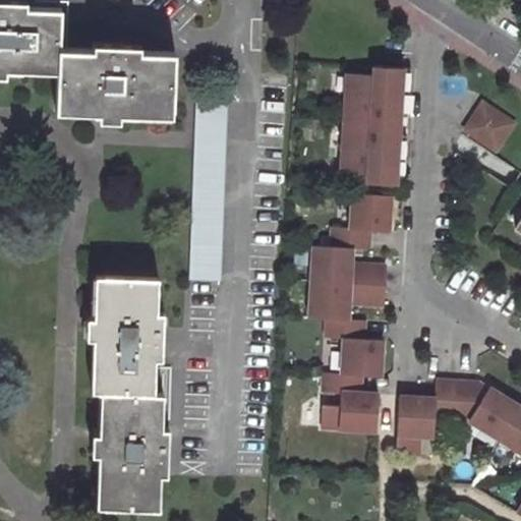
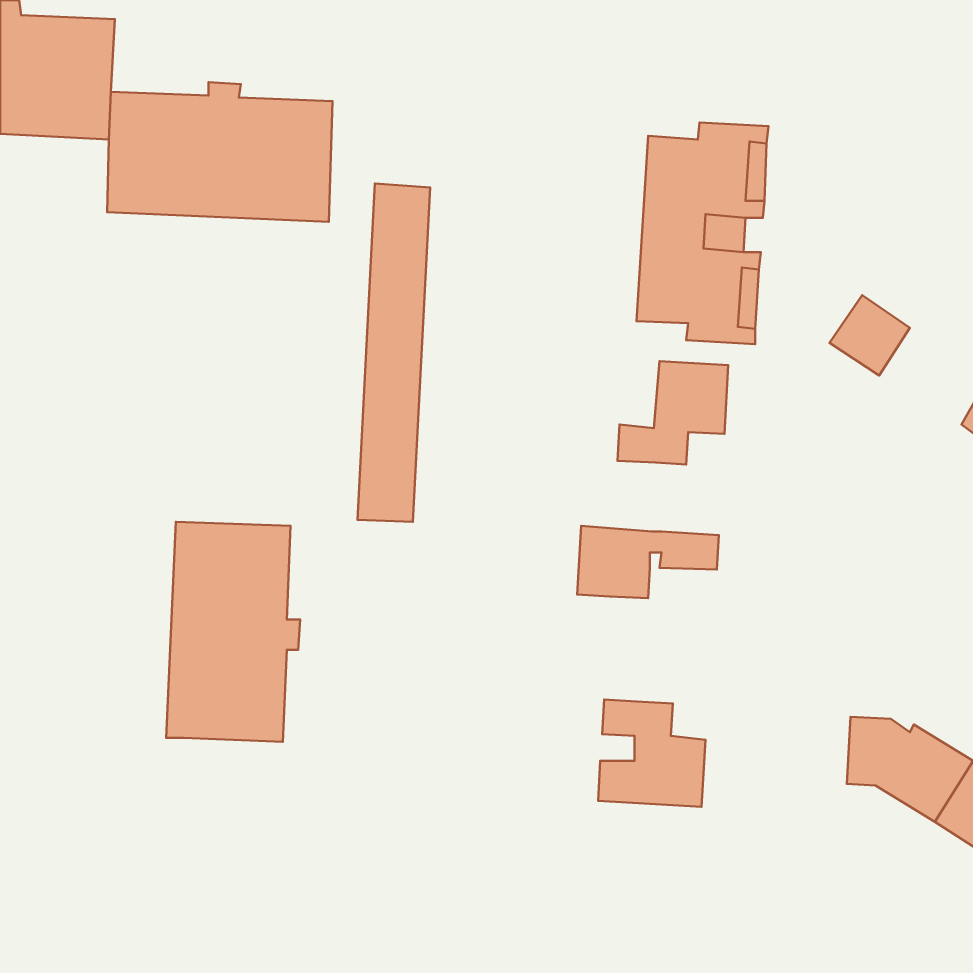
building: [465,105,508,148] -> [830,295,910,375]
building: [311,246,386,287] -> none
building: [326,320,382,378] -> none
building: [396,382,455,455] -> none
building: [96,395,167,512] -> none

